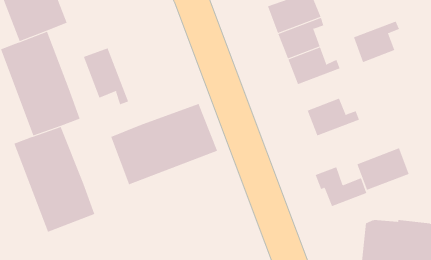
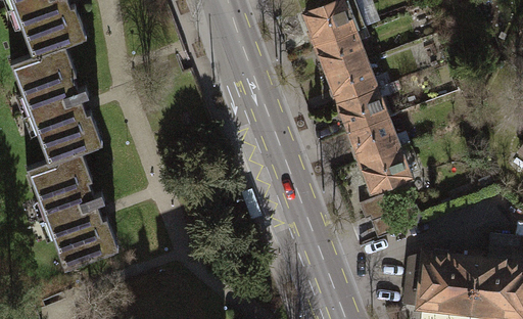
building: [353,21,400,63] -> [341,87,393,134]
building: [83,47,129,105] -> none
building: [110,103,218,185] -> none
building: [357,148,410,191] -> [363,144,422,192]

